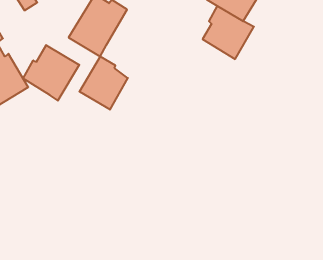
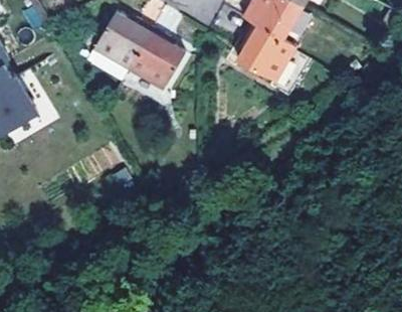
building: [23,45,79,101] -> none
building: [79,56,128,110] -> [127,28,181,88]

